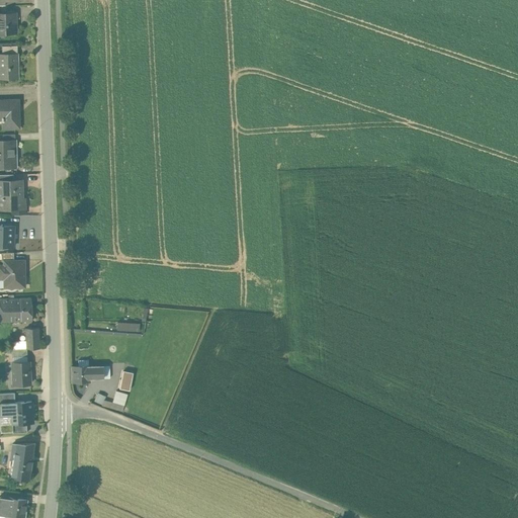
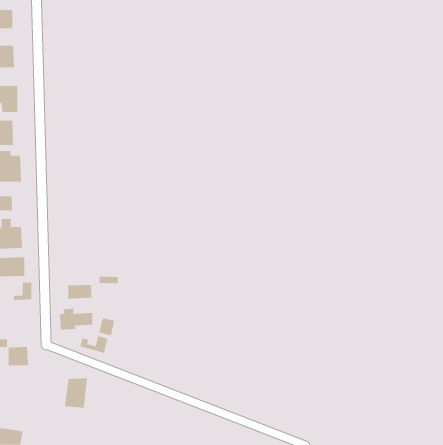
building: none -> [68,284,92,300]
building: [10,359,30,384] -> none
building: [8,443,35,479] -> [64,378,88,408]

